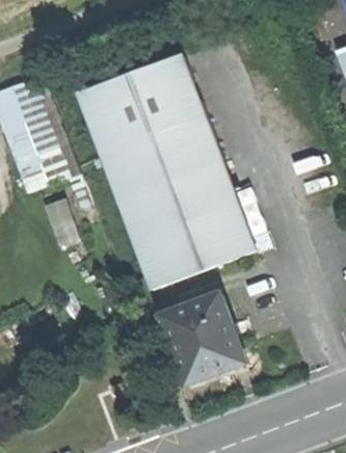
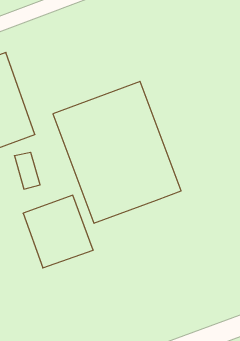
building: [76,55,205,156] -> none
building: [161,296,246,384] -> [23,195,93,268]

